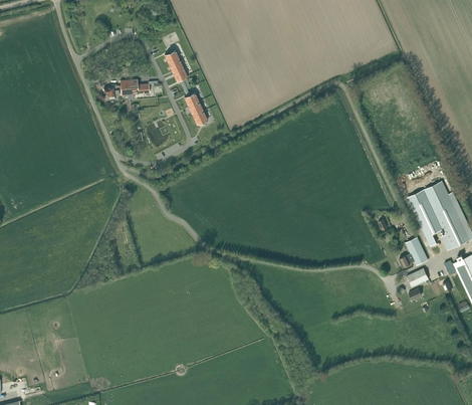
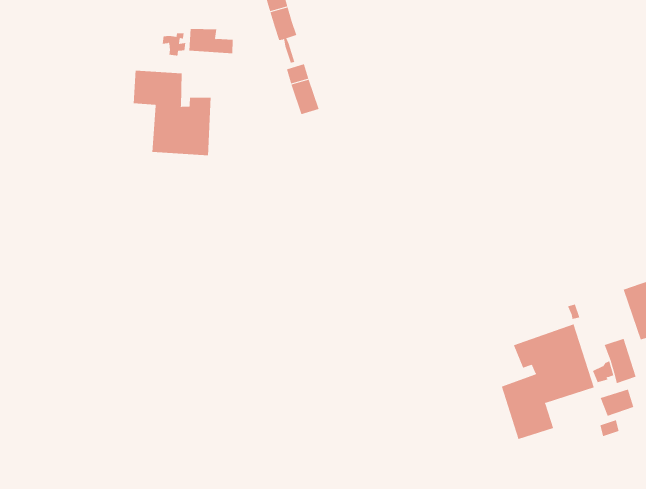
building: none -> [133,70,211,156]
building: none -> [501,324,594,440]

